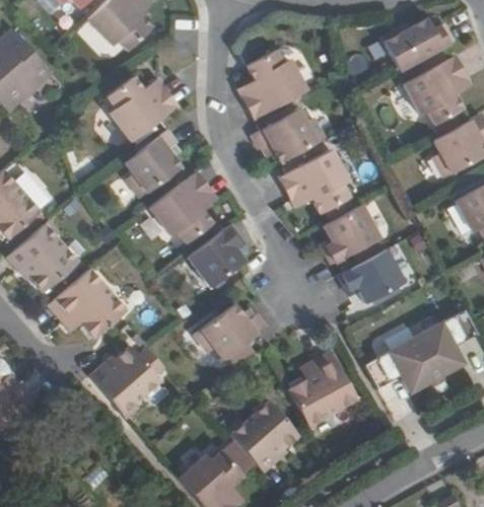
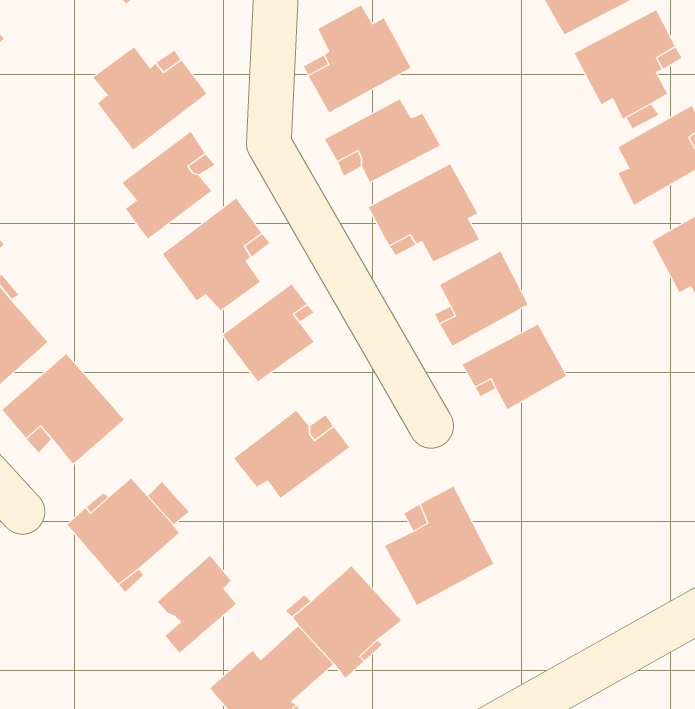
building: [363,308,478,393] -> none
building: none -> [157,555,237,654]

